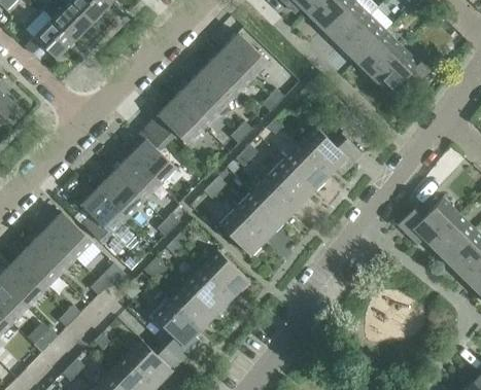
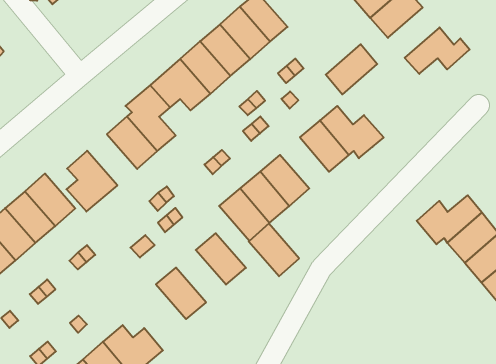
building: [357,33,403,79] -> [326,44,377,94]
building: [270,158,315,204] -> none
building: [97,171,143,216] -> none
building: [185,268,232,314] -> [249,224,299,276]
building: [153,302,200,360] -> none

